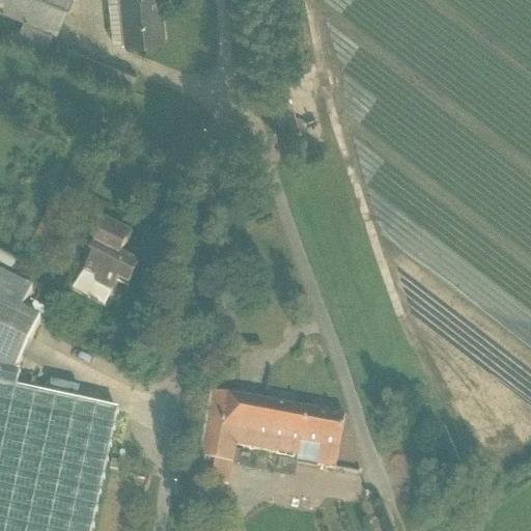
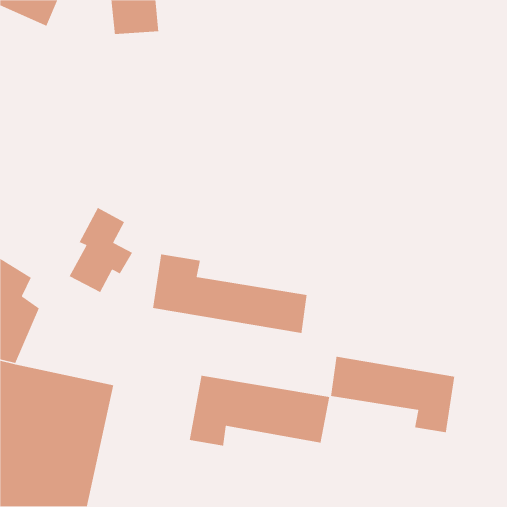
building: none -> [152,253,308,334]
building: none -> [330,356,455,433]

